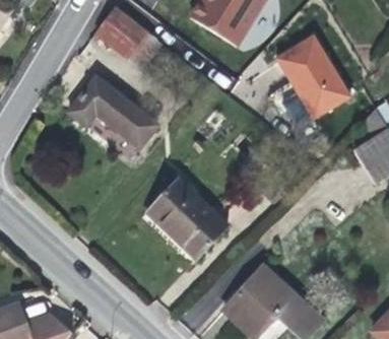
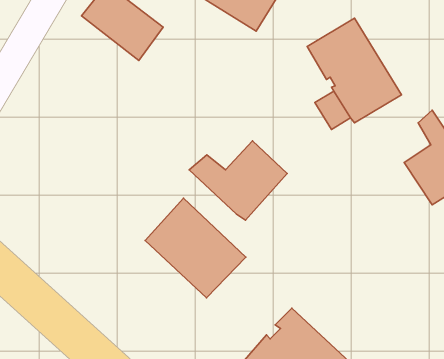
building: [69,77,157,147] -> none
building: none -> [189,141,287,220]

